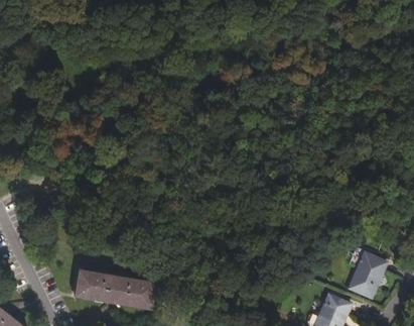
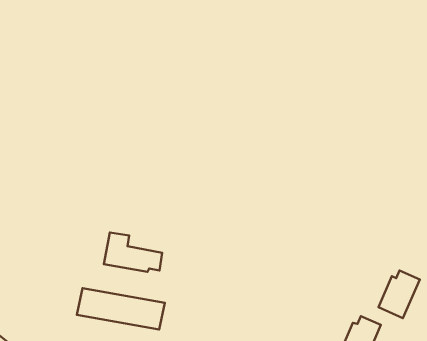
building: none -> [104,232,162,272]

